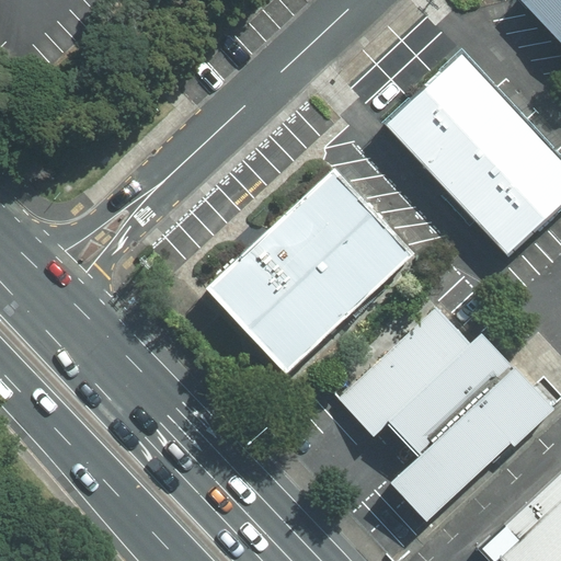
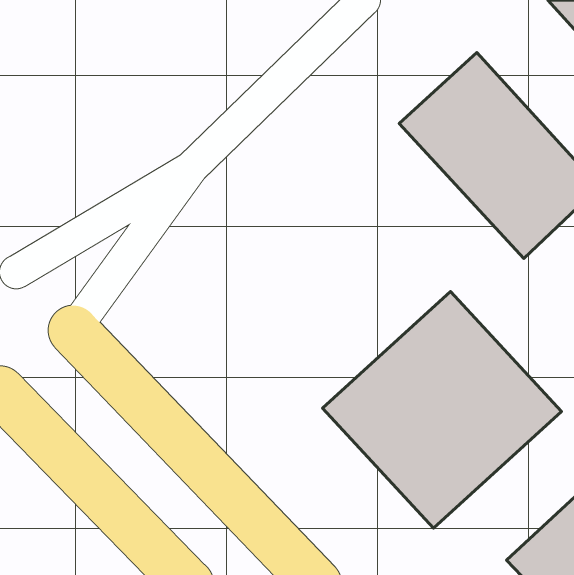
building: [202,168,416,378] -> none

